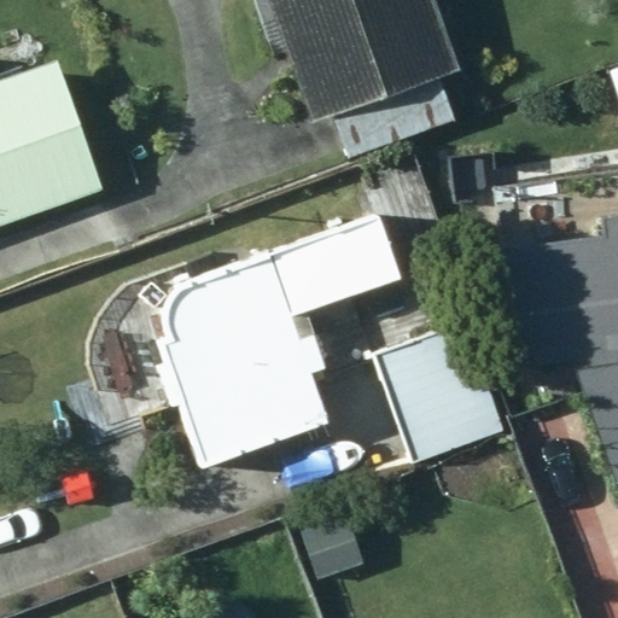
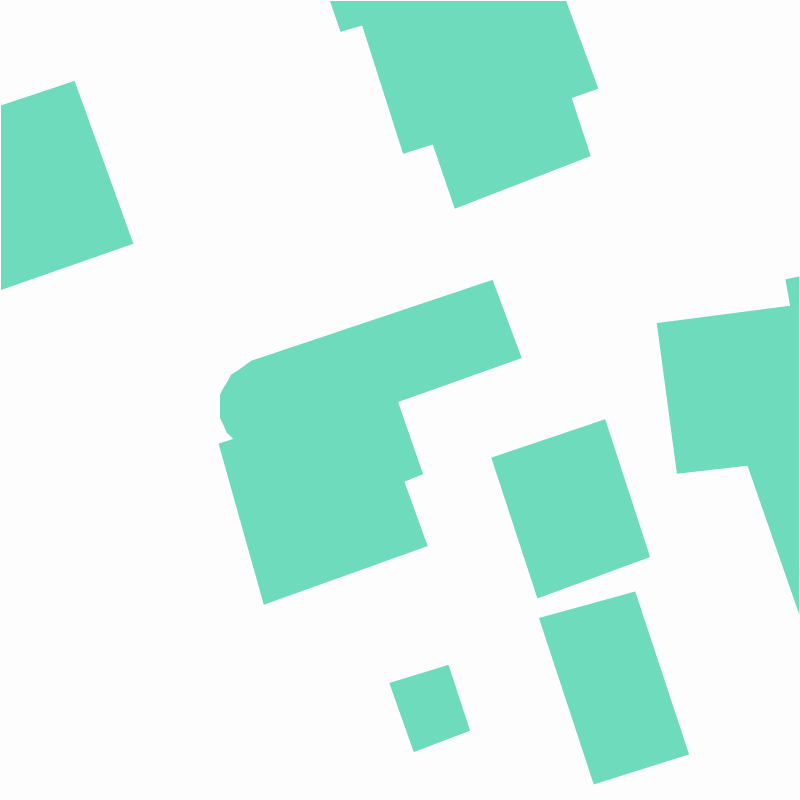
building: none -> [538,591,690,786]

